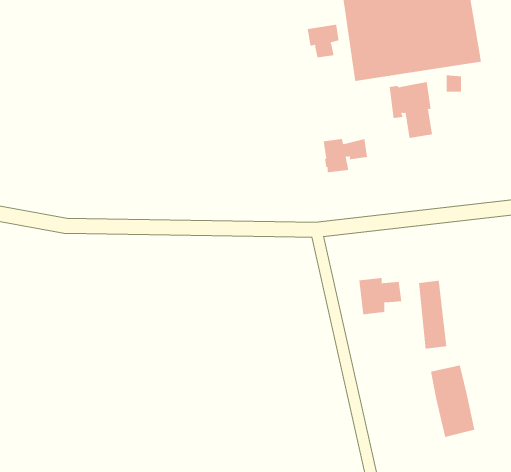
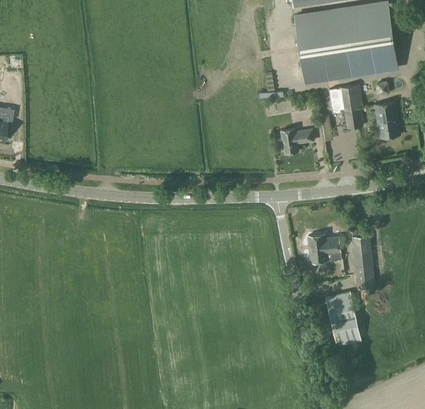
building: [307,24,339,58] -> none
building: none -> [373,102,399,138]
building: [430,365,475,438] -> [325,291,359,346]

